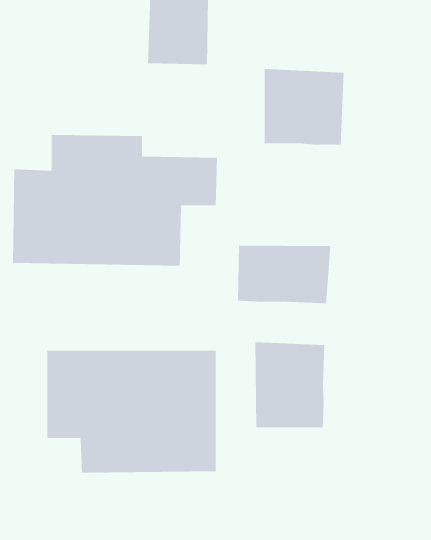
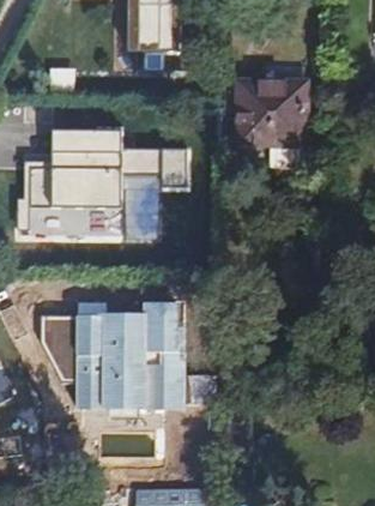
building: [237,245,331,304] -> none
building: [255,341,325,428] -> none

